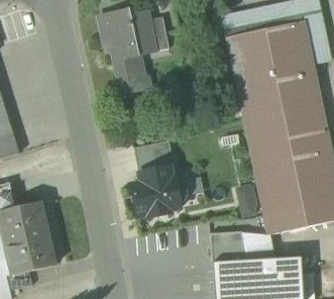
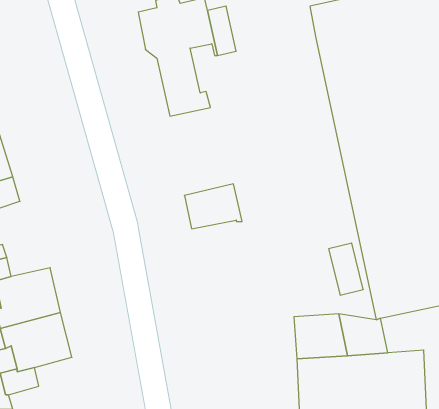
building: [130,166,186,217] -> none

